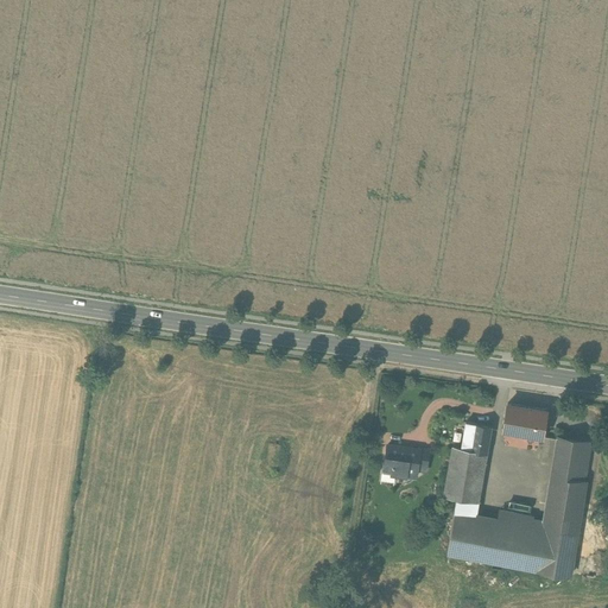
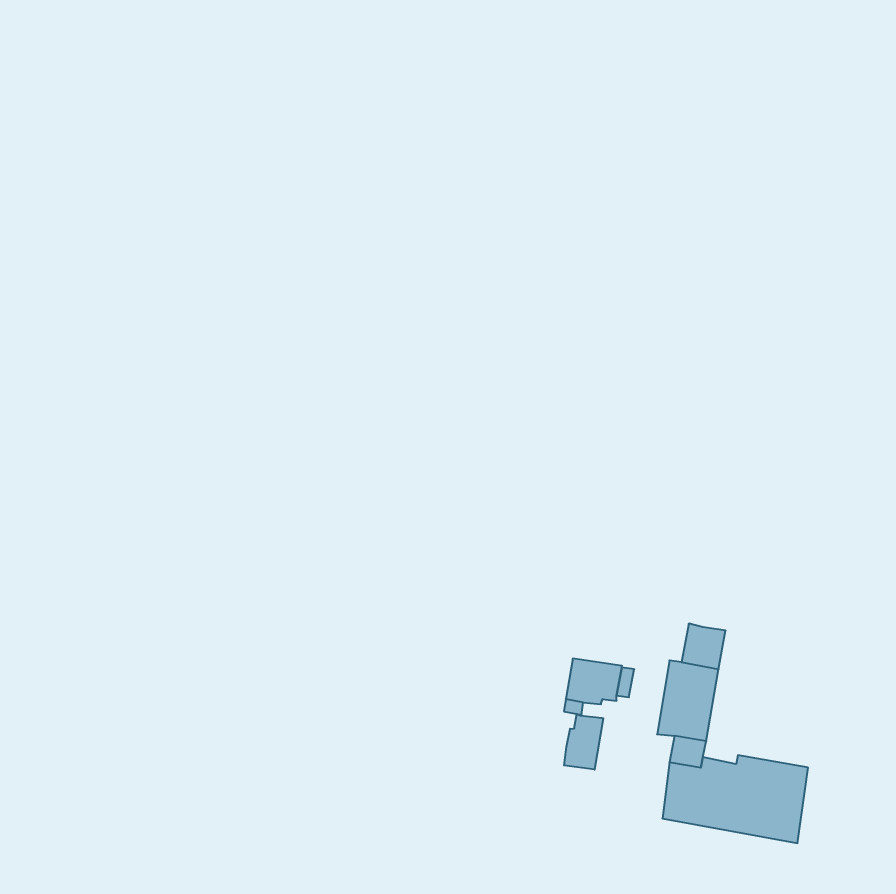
building: [505,406,547,438] -> none
building: [540,439,588,578] -> none
building: none -> [564,714,603,770]

